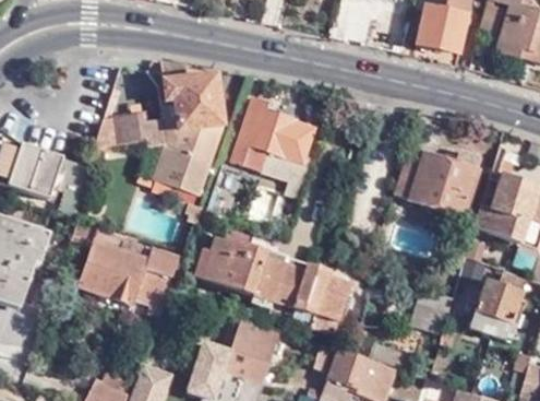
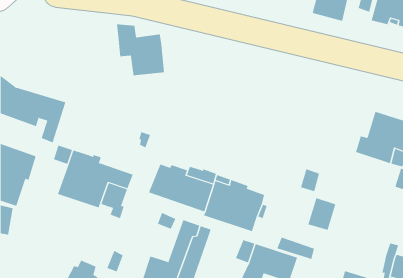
building: [231,96,316,190] -> none
building: [97,111,147,144] -> none
building: [154,111,221,190] -> none
building: [396,144,481,212] -> none
building: [469,271,526,338] -> none

